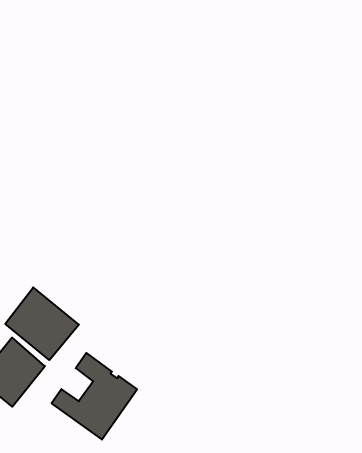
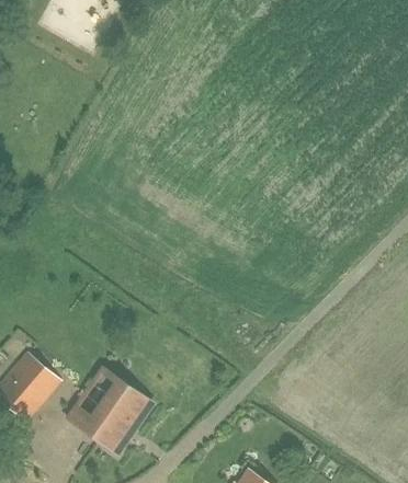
building: [5,287,79,360] -> none

